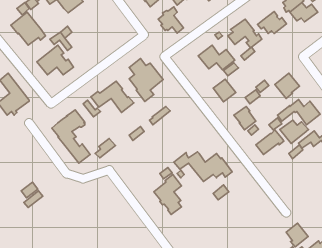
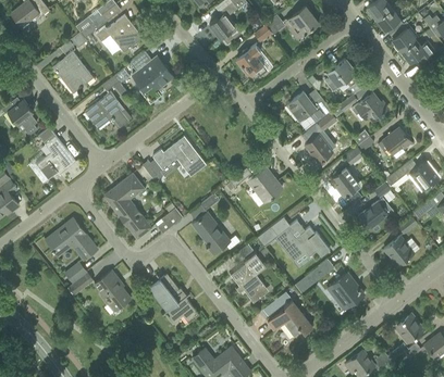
building: [258,12,286,33] -> [351,93,387,121]
building: [129,59,163,101] -> [131,51,173,104]
building: none -> [248,167,282,203]
building: [280,120,309,144] -> [383,237,419,266]
building: none -> [192,213,239,254]
building: none -> [46,218,97,260]
building: none -> [95,272,130,311]
building: none -> [326,273,363,311]
building: none -> [148,274,199,323]
building: none -> [268,301,312,339]

